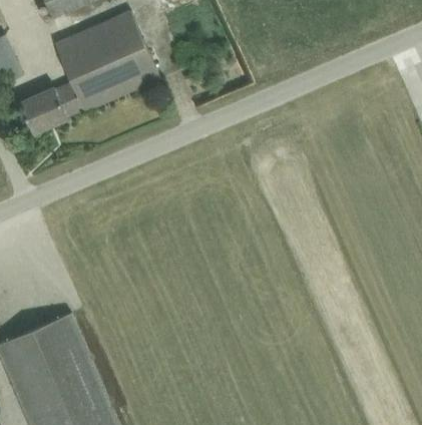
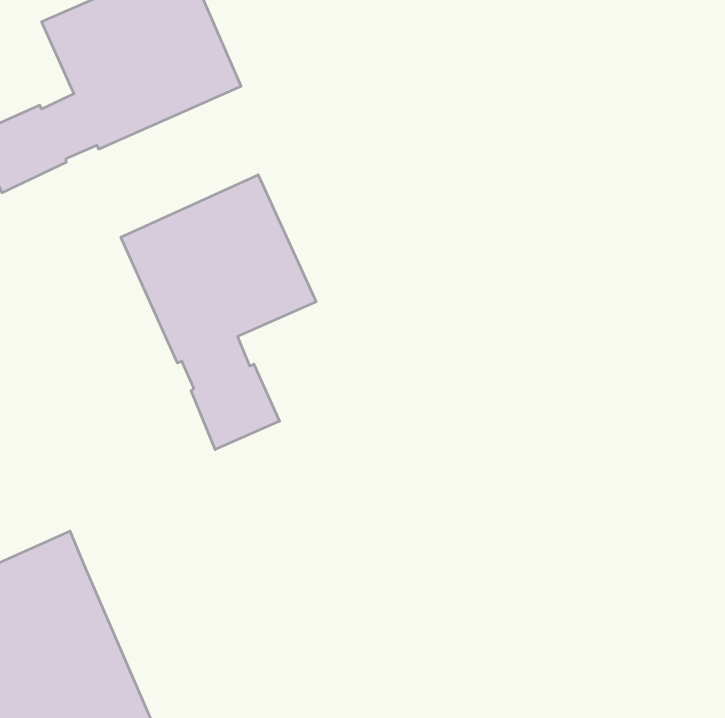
building: none -> [121,175,316,450]

